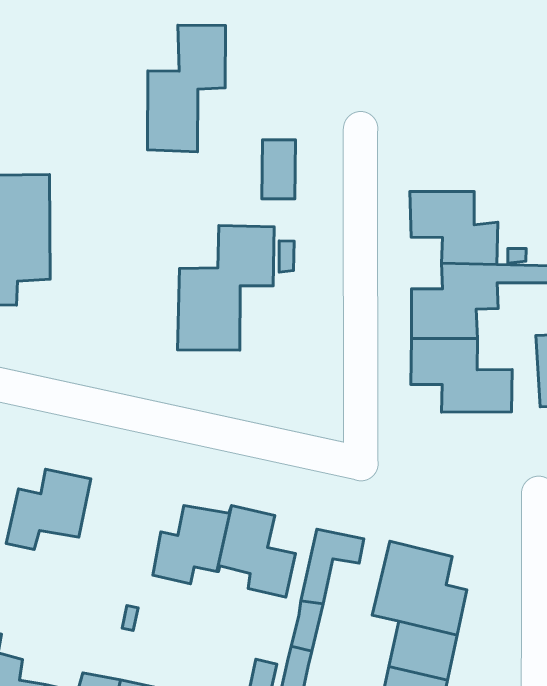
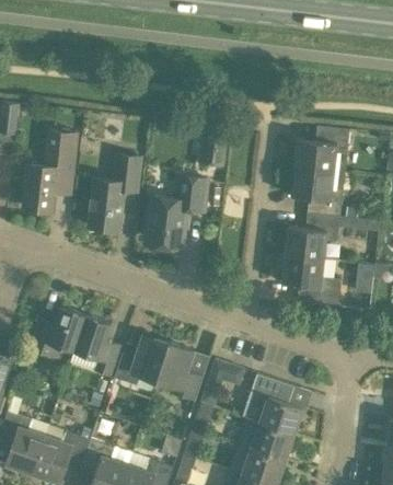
building: [148,25,226,152] -> [90,154,145,231]
building: none -> [294,127,351,172]
building: none -> [74,317,123,378]

